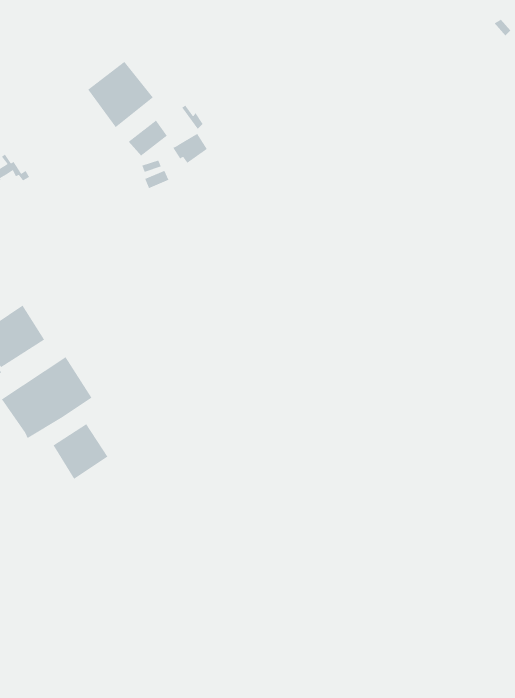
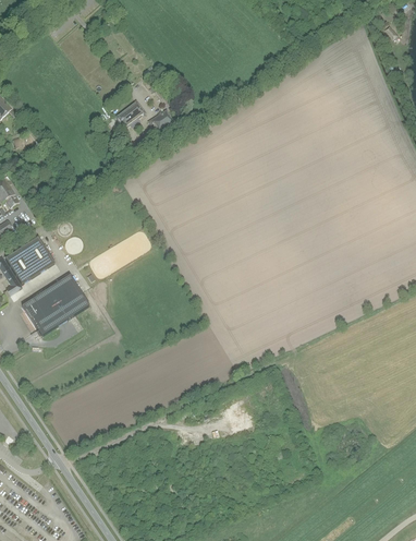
building: [87,61,154,128] -> none
building: [53,423,109,480] -> none

